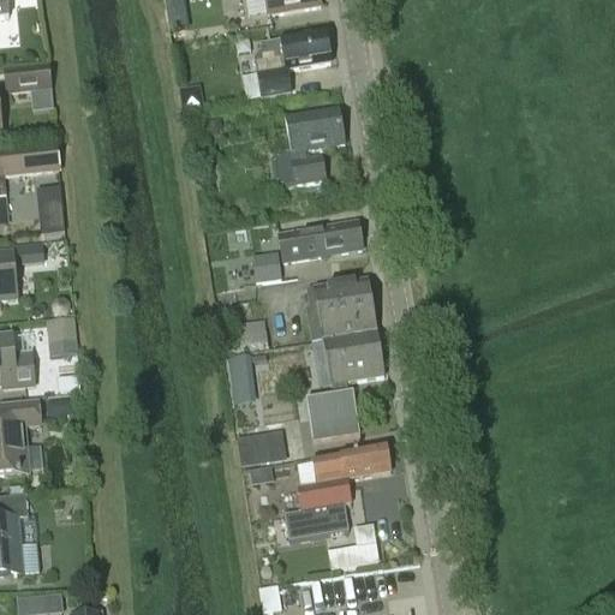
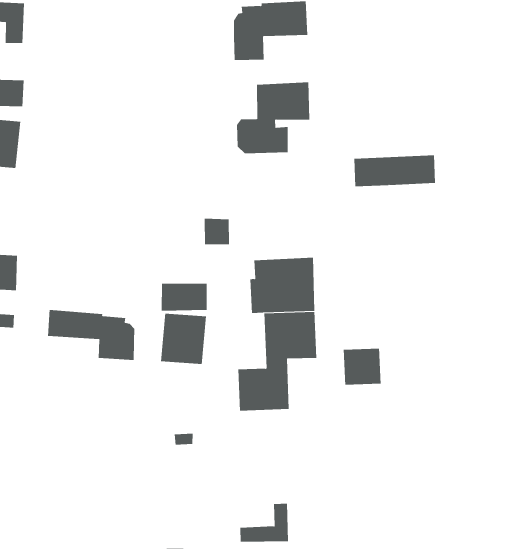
building: [279,220,363,262] -> [354,155,436,187]
building: none -> [343,348,381,386]
building: none -> [47,309,135,361]
building: [238,430,286,464] -> none
building: [285,443,389,539] -> none

